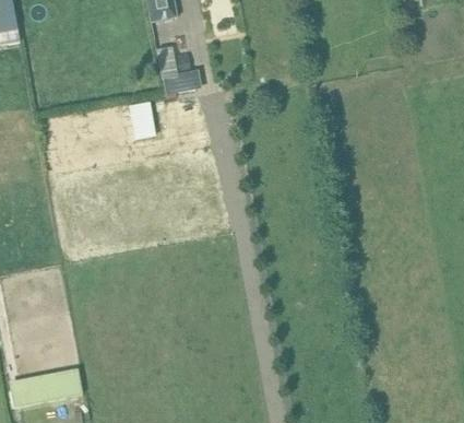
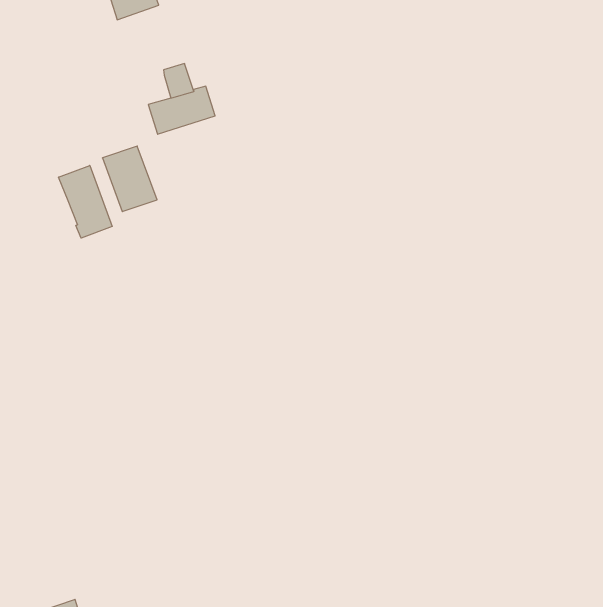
building: none -> [59,165,112,238]

